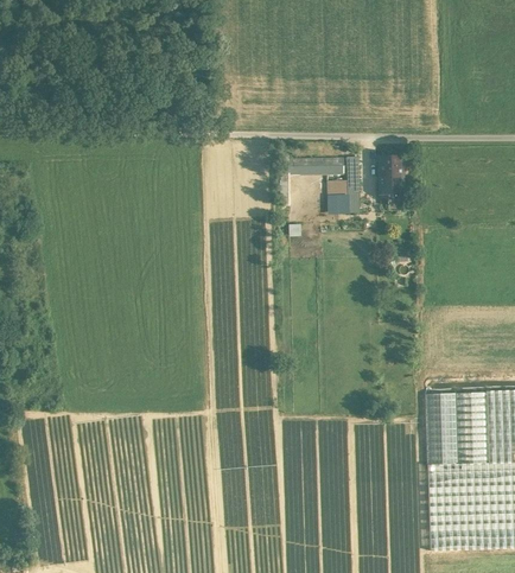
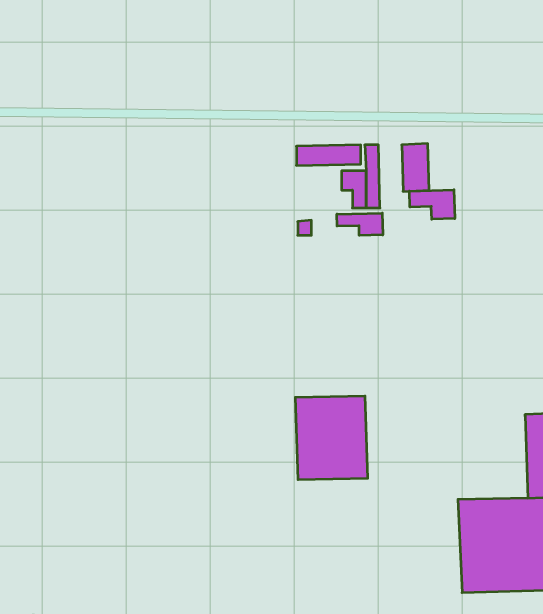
building: none -> [409,190,455,219]
building: none -> [337,213,383,235]
building: [425,393,488,465] -> [295,396,368,480]

